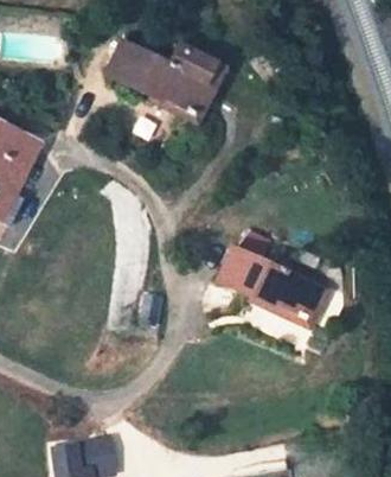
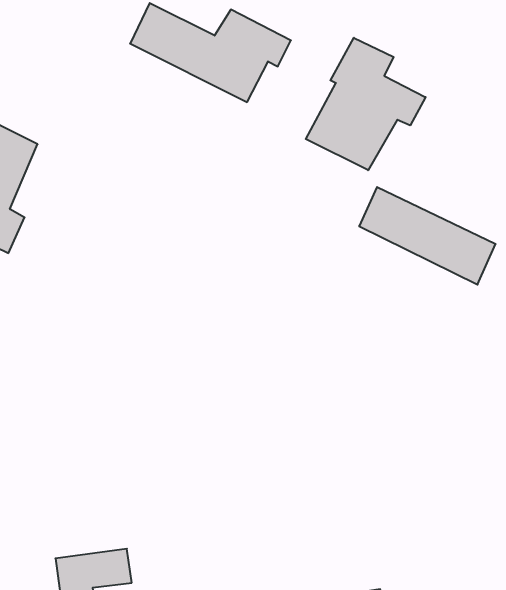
building: none -> [306,38,426,170]
building: [219,247,319,318] -> [359,187,496,285]

